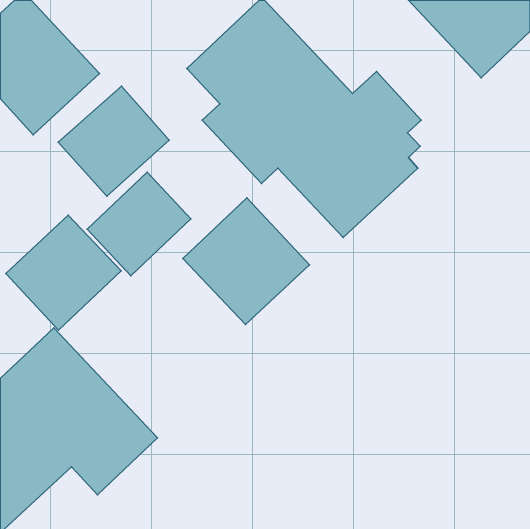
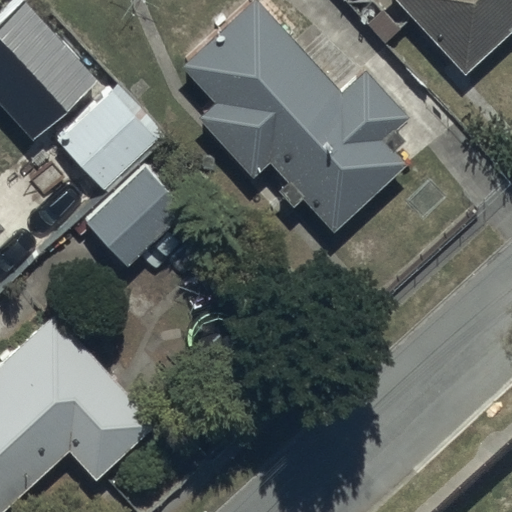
building: [183,198,309,324] -> none
building: [6,215,121,330] -> none

